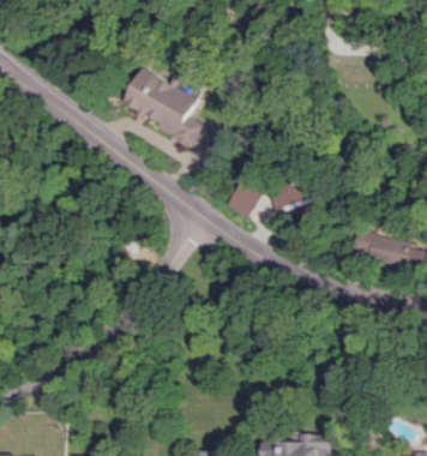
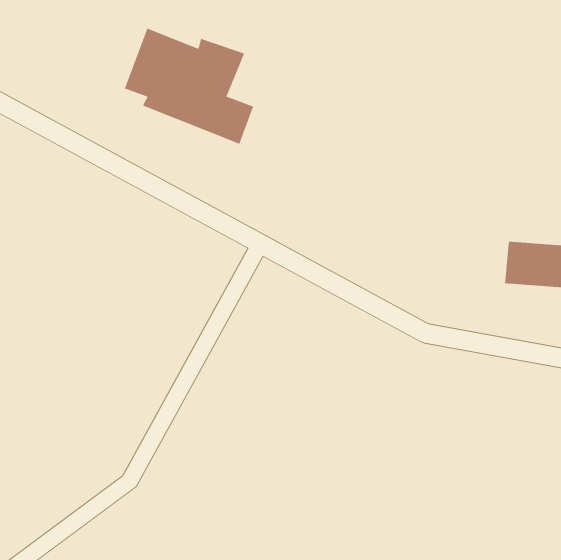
building: [265,178,309,216] -> none
building: [222,180,257,217] -> none

